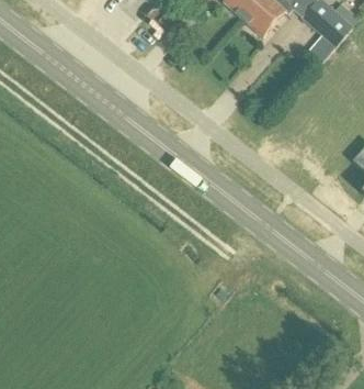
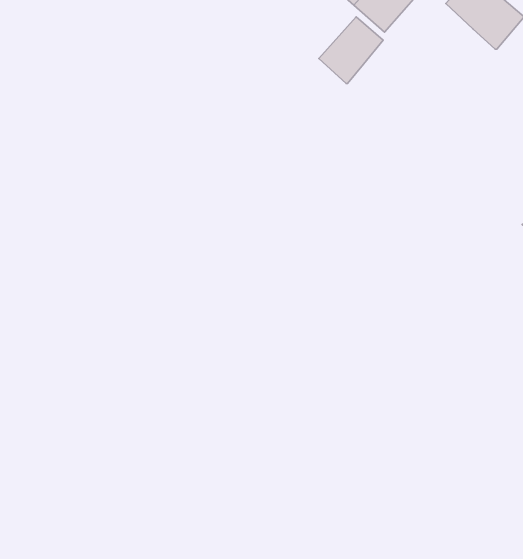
building: none -> [319,17,383,84]

